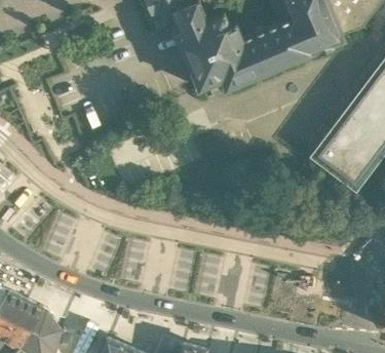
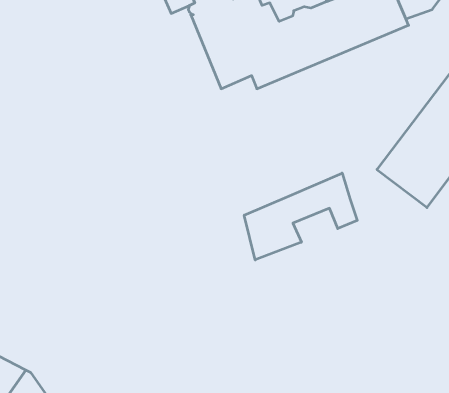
building: none -> [244,173,357,260]

